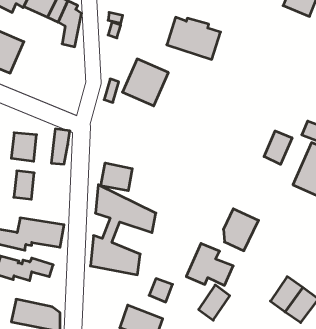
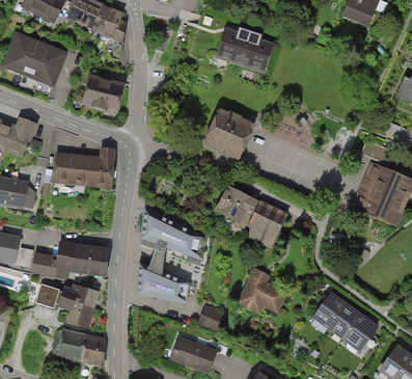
building: [122,59,168,106] -> [203,113,252,163]
building: none -> [81,77,126,116]
building: [264,131,292,164] -> none
building: [101,163,132,191] -> none
building: none -> [218,187,256,225]
building: [14,171,34,199] -> [76,154,98,184]
building: [223,209,259,251] -> [249,204,286,248]
building: none -> [59,299,92,326]
building: [199,285,230,320] -> [311,293,345,330]

